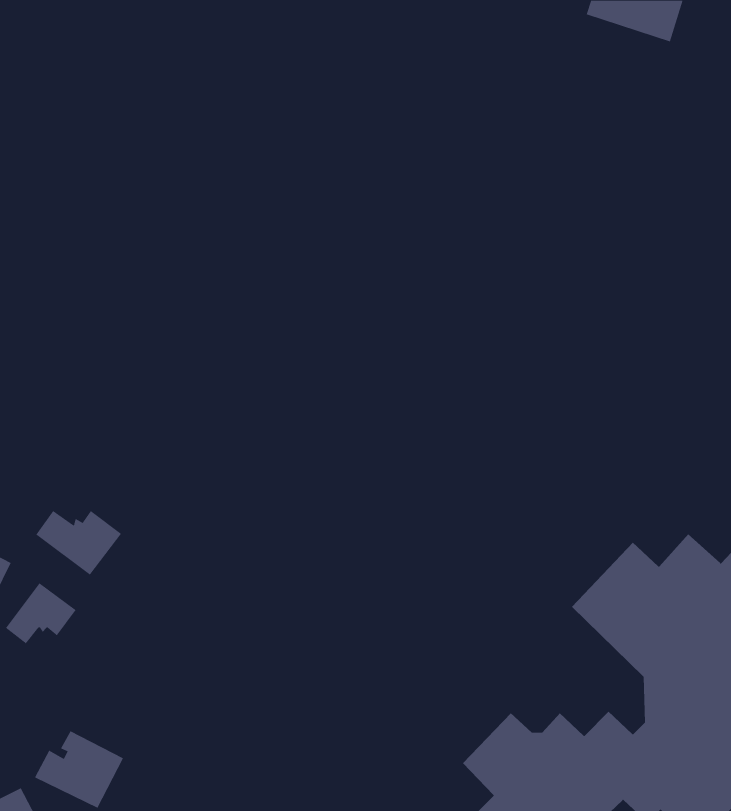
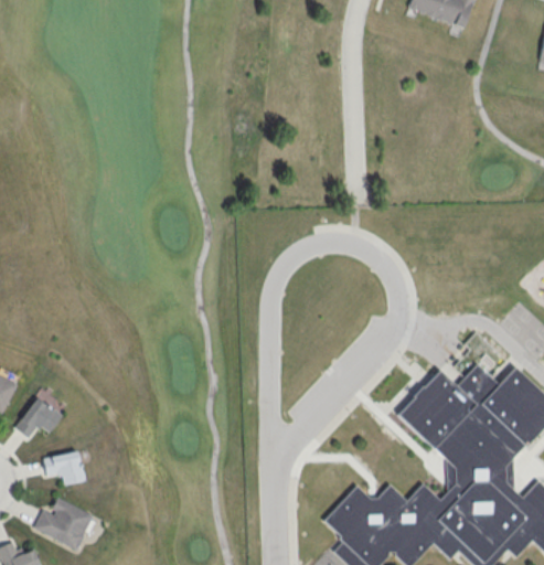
building: [35,510,122,576] -> none
building: none -> [53,449,85,484]

